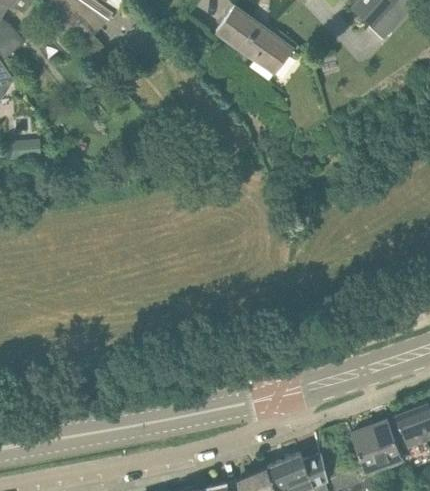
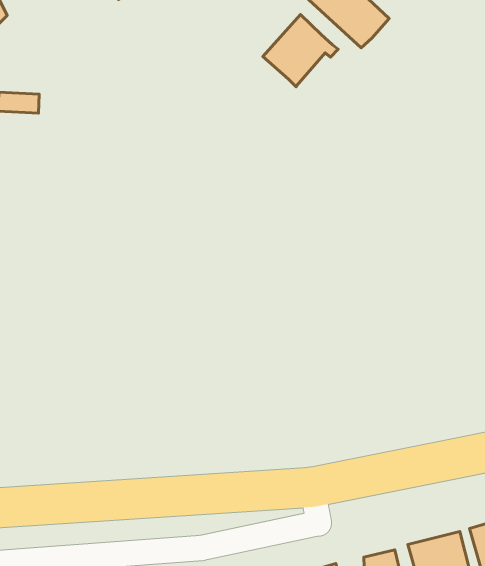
building: none -> [263,15,338,87]

